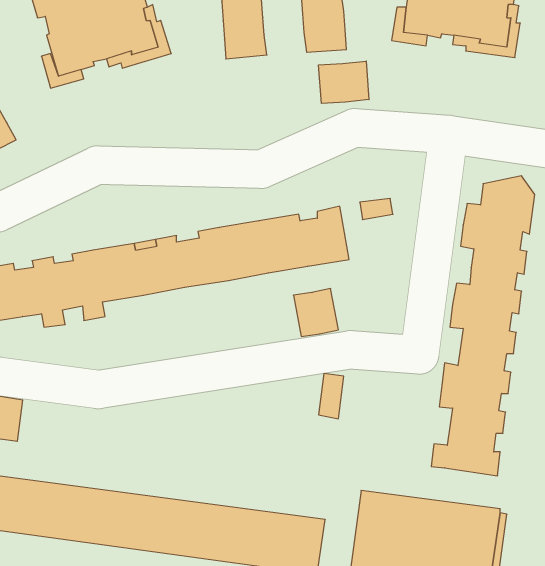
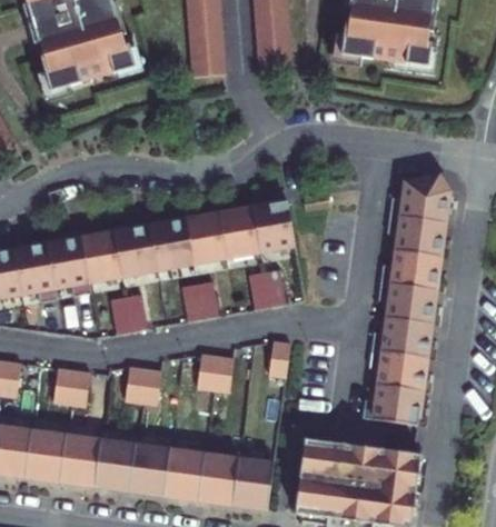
building: [319,61,369,103] -> none
building: none -> [181,281,219,321]
building: none -> [110,294,148,334]
building: none -> [197,349,235,389]
building: none -> [126,359,162,398]
building: none -> [54,367,90,407]

